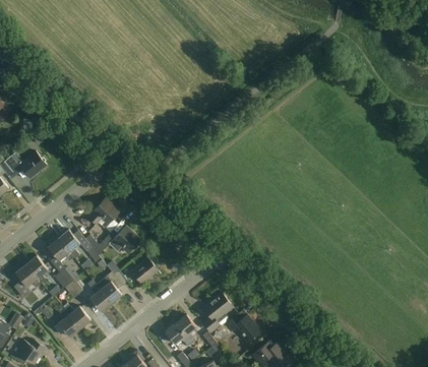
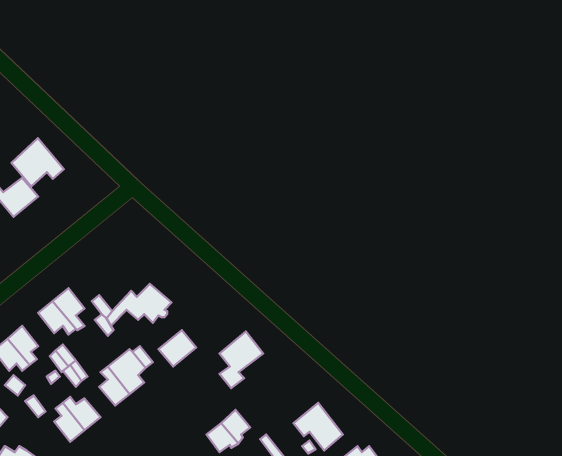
building: none -> [11,138,64,187]
building: [88,196,120,229] -> none
building: [202,292,233,331] -> [220,332,263,388]

